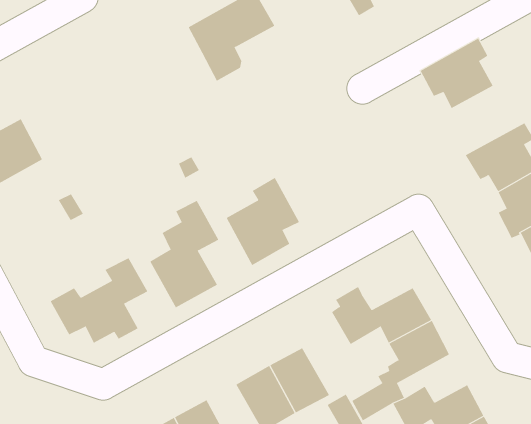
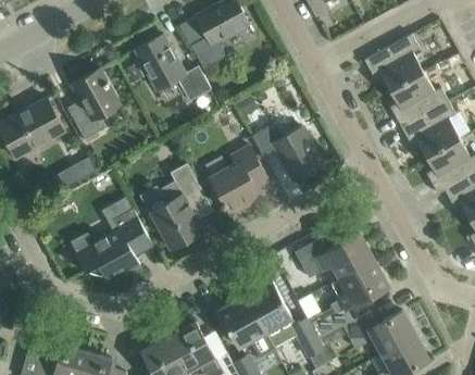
building: none -> [135,34,211,101]
building: none -> [70,68,120,139]
building: none -> [389,72,448,127]
building: none -> [251,123,323,180]

